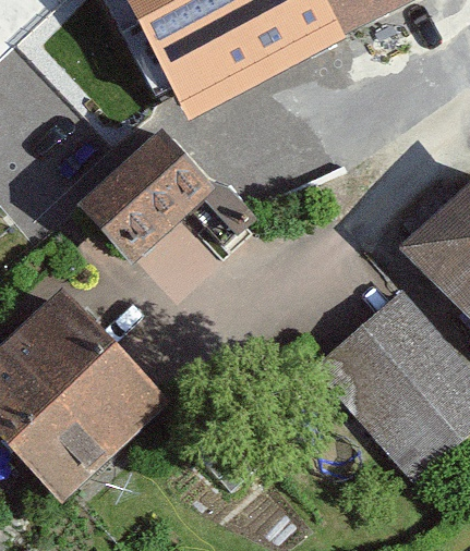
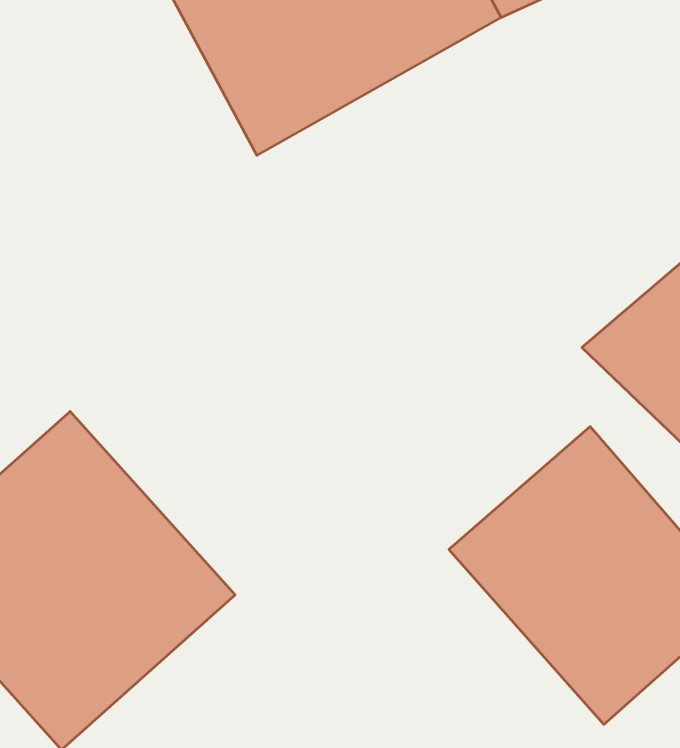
building: [80,122,225,266] -> none

